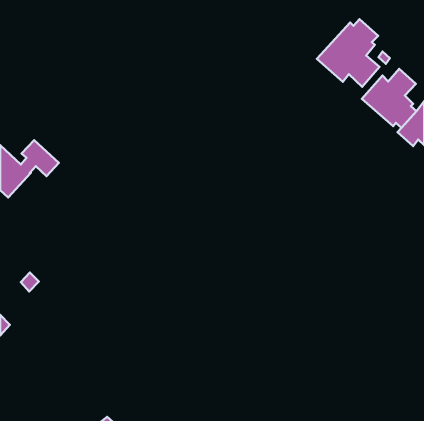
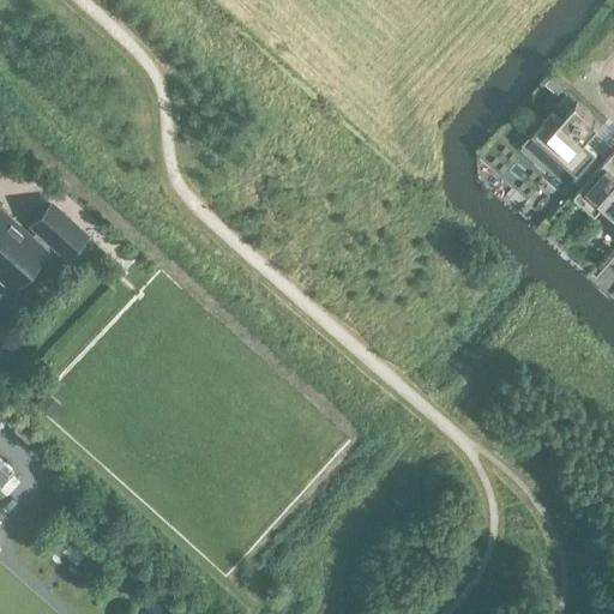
building: [317,19,380,87] -> none

